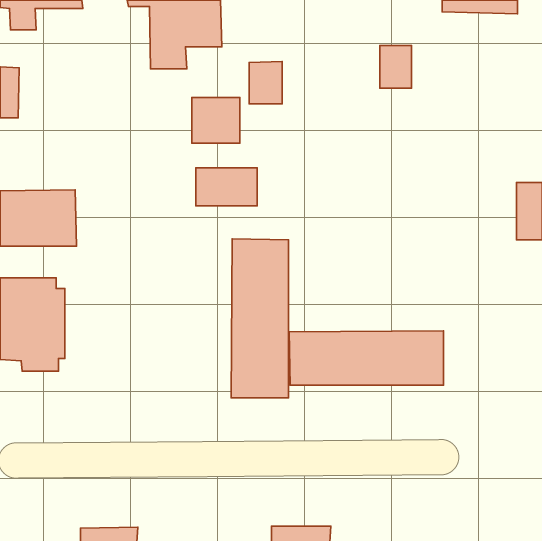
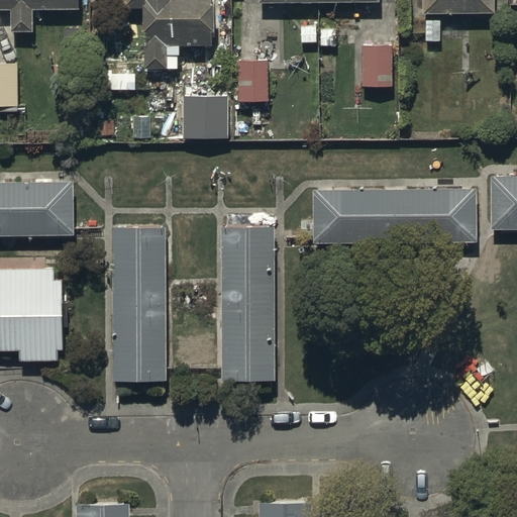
building: [196,168,257,206] -> none
building: none -> [301,189,477,242]
building: none -> [113,225,166,380]
building: [289,331,444,385] -> none

